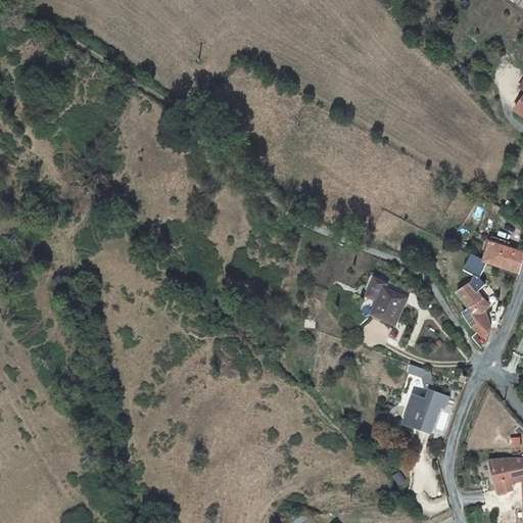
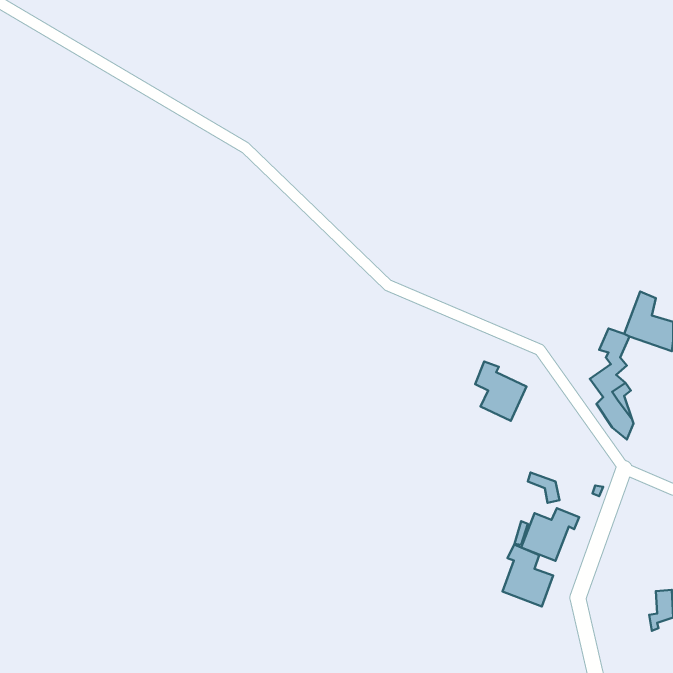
building: none -> [502,545,553,606]
building: [487,458,509,490] -> none

